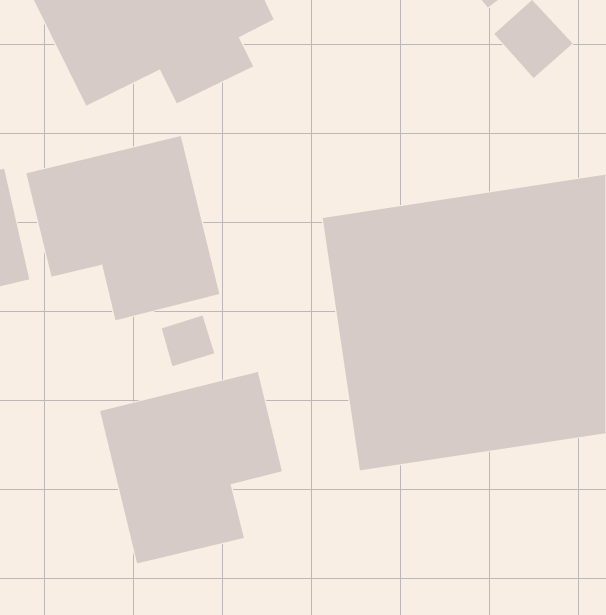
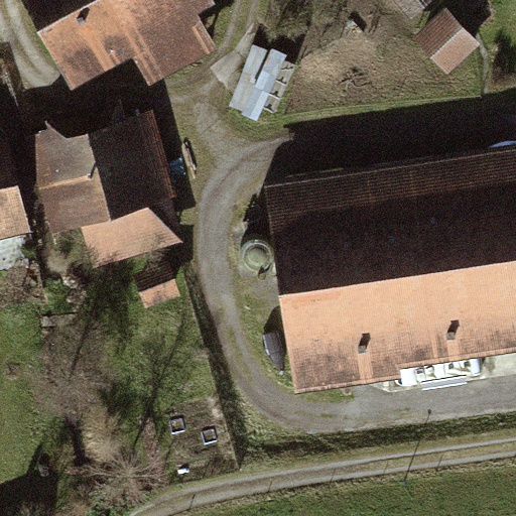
building: [99,371,283,564] -> none

